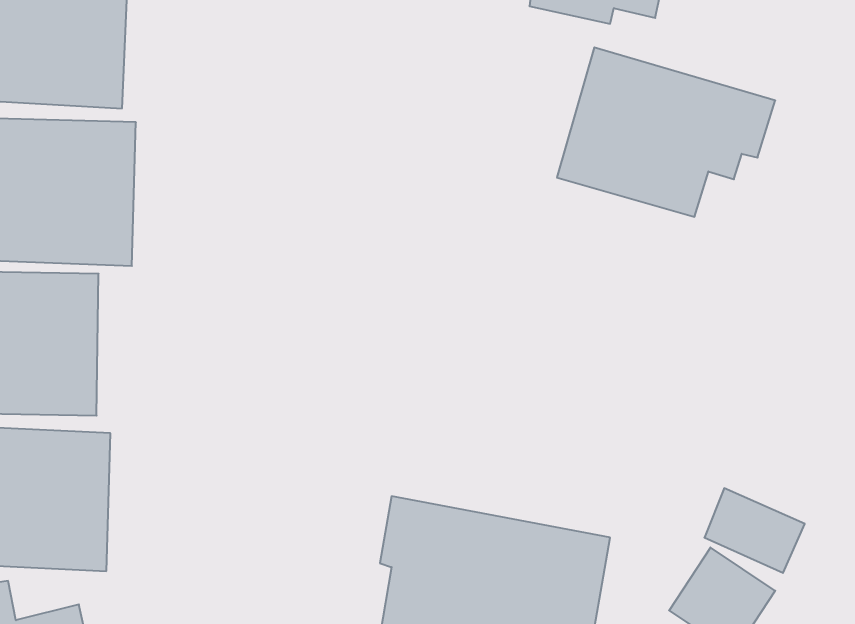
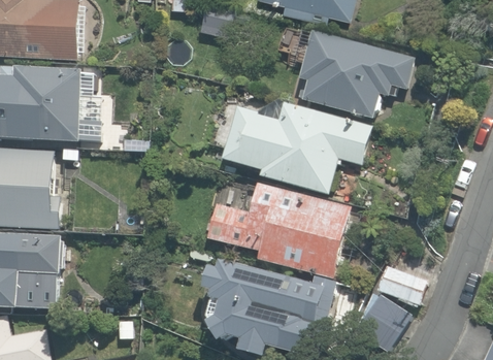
building: none -> [225,102,369,195]
building: none -> [207,184,349,283]

